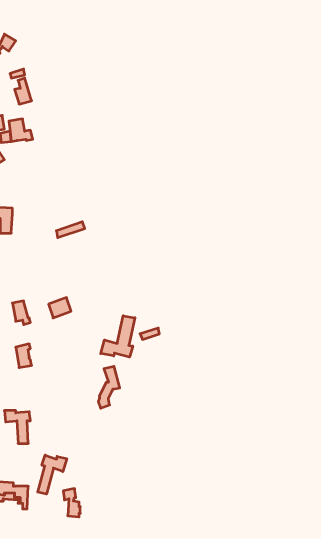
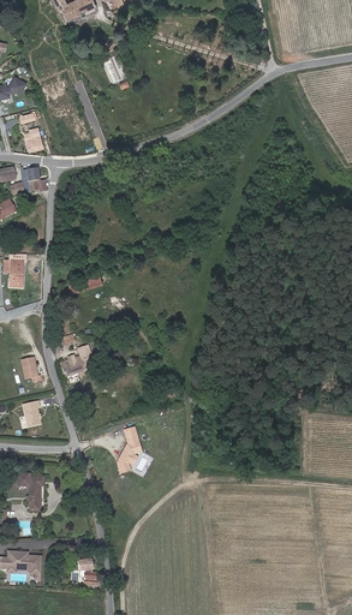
building: [101,316,135,357] -> none
building: [38,455,67,494] -> none

